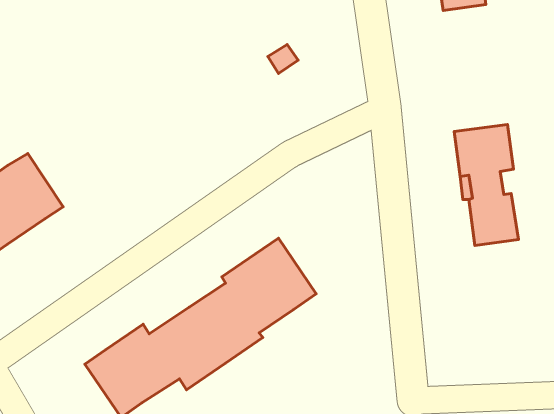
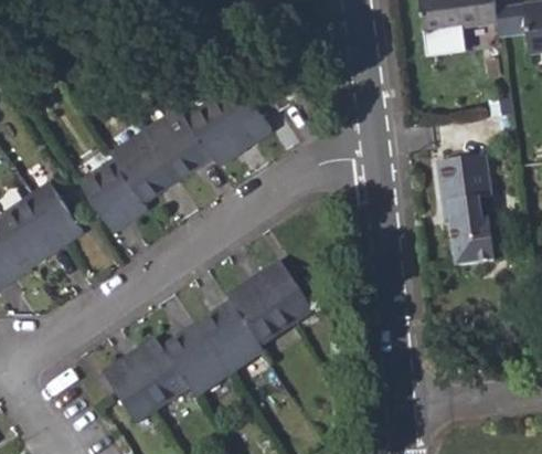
building: none -> [78,81,268,230]

